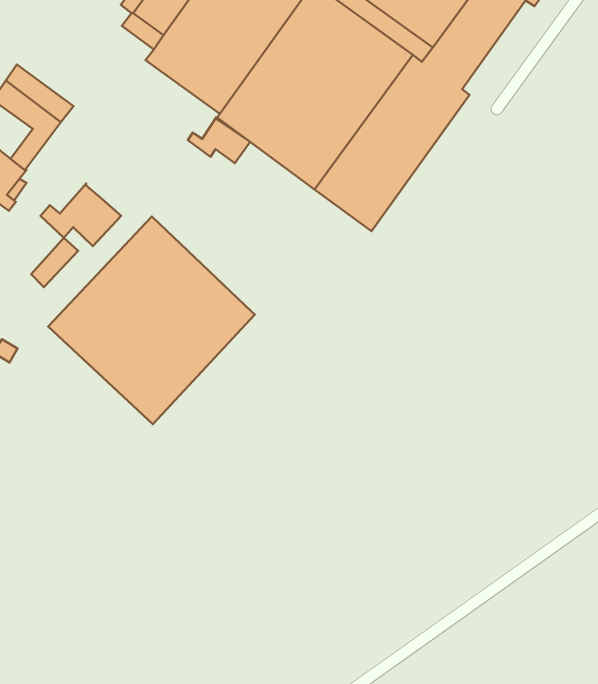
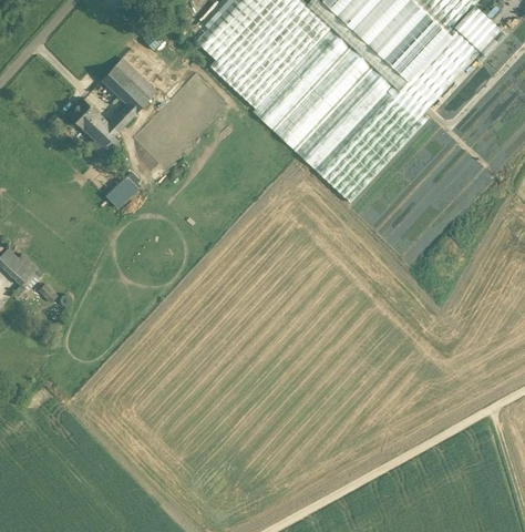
building: [188,118,250,163] -> none
building: [40,183,121,246] -> none
building: [48,216,255,424] -> none

